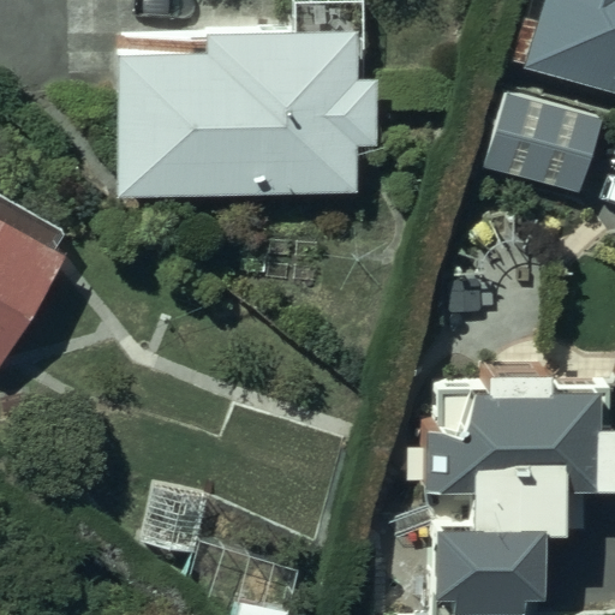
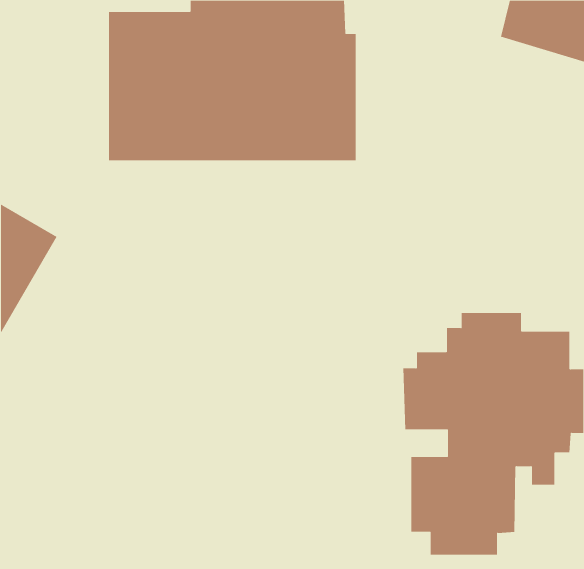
building: [482,77,603,187] -> none

